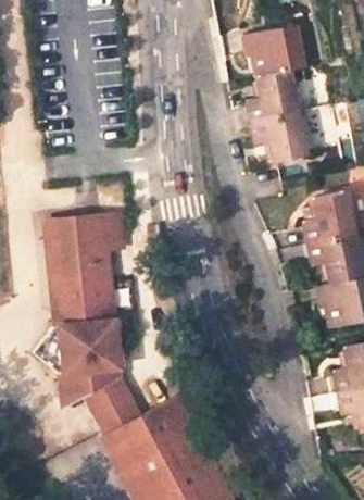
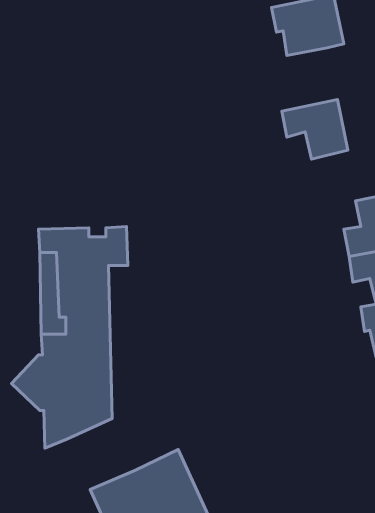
building: [251,68,302,122] -> none
building: [75,379,133,439] -> none

